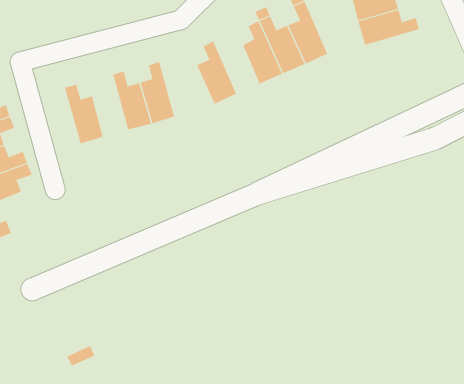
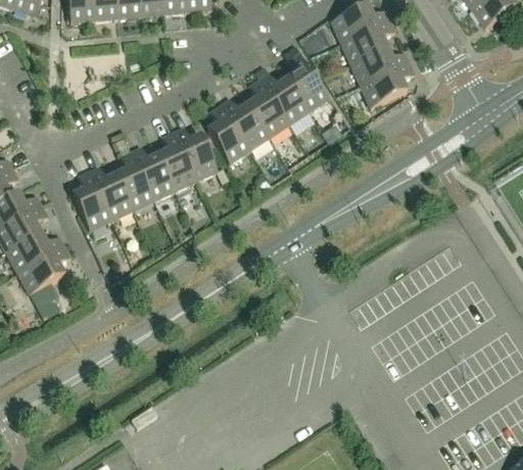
building: none -> [361,62,415,107]
building: none -> [220,98,269,150]
building: none -> [173,127,218,181]
building: none -> [115,151,153,210]
building: none -> [73,171,111,231]

